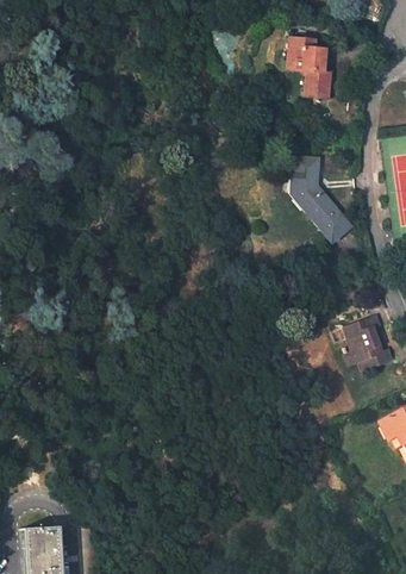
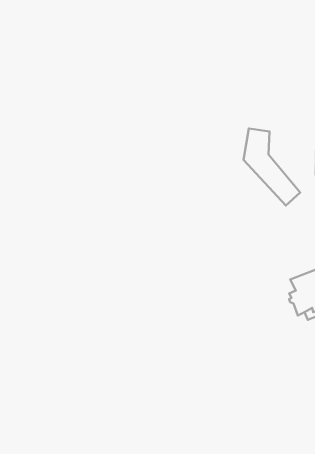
building: [287,40,332,99] -> none

